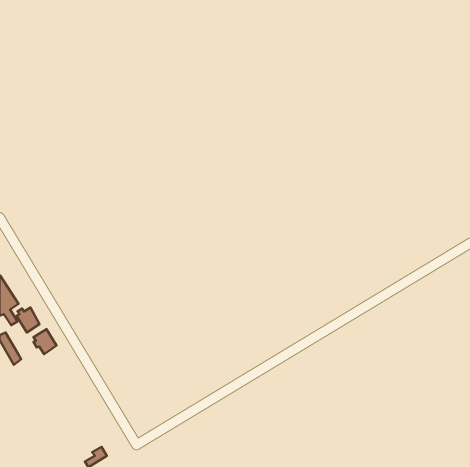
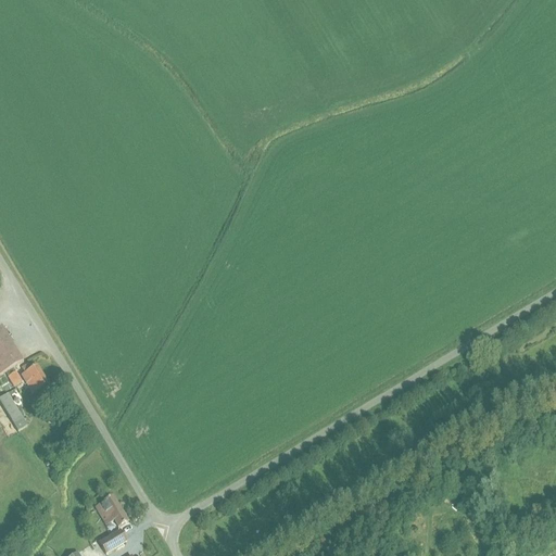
building: [33,329,56,354] -> none
building: none -> [93,493,127,525]

